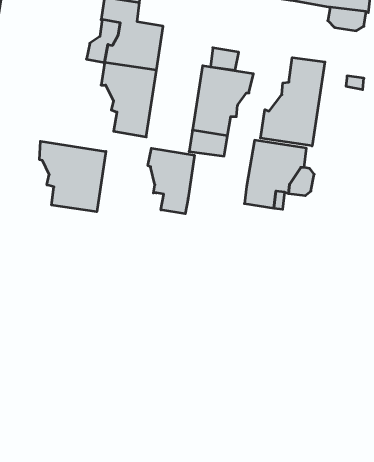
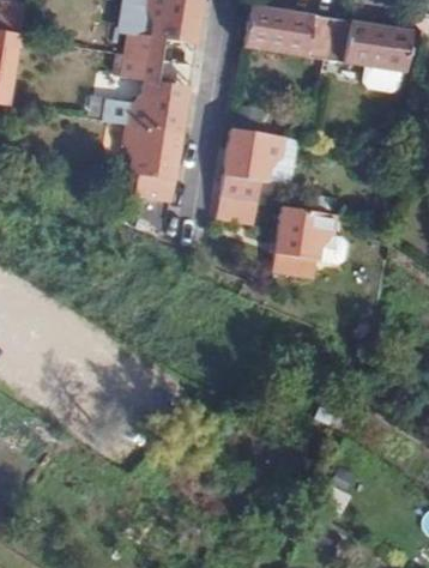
building: [260,58,325,146] -> none
building: [40,141,106,212] -> none
building: [148,148,194,214] -> none

